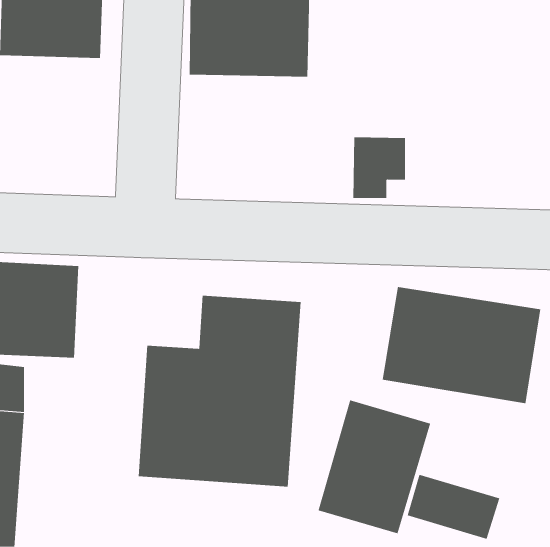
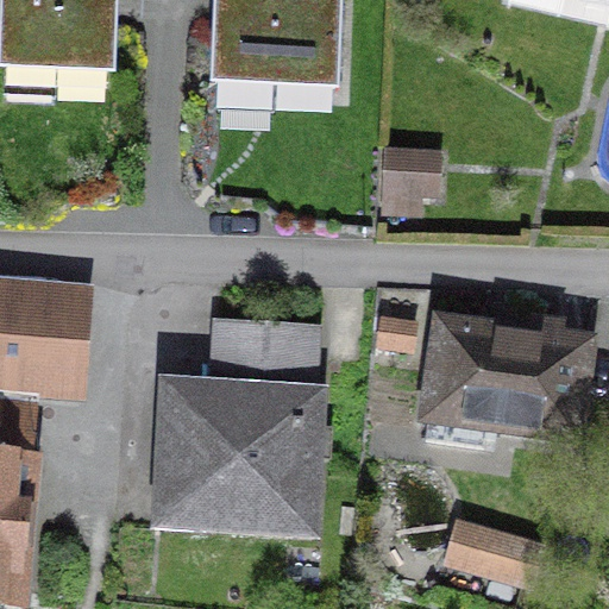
building: [318,399,431,534] -> none

